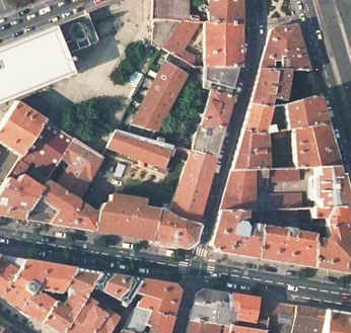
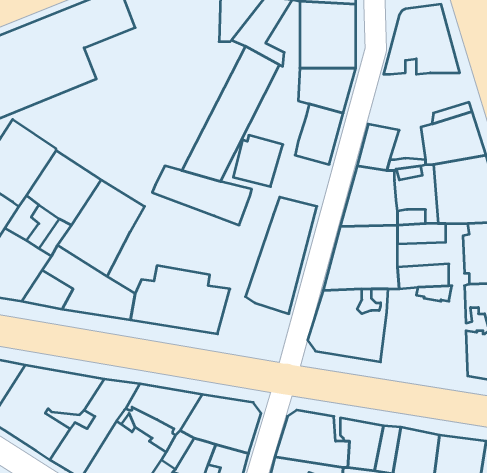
building: [251,70,291,107] -> none
building: [193,123,225,157] -> [233,135,283,187]
building: [152,211,199,246] -> none
building: [259,225,315,267] -> none

